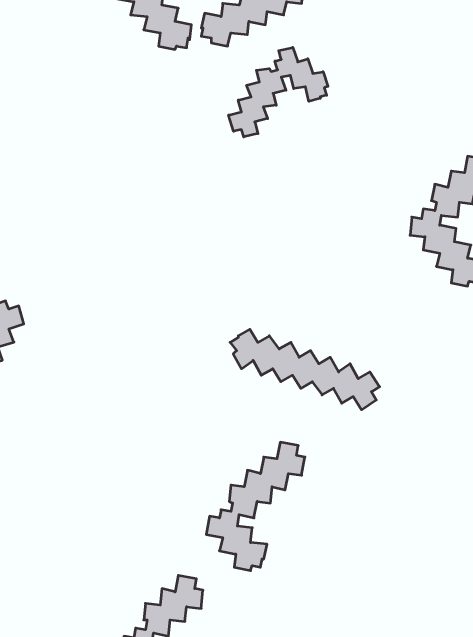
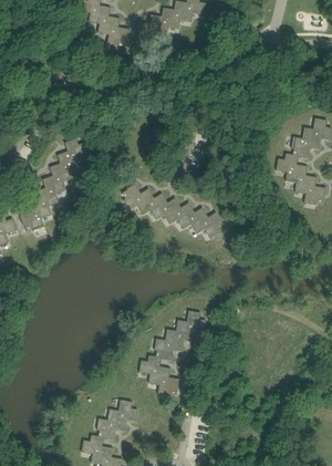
building: [229,47,328,137] -> none
building: none -> [21,138,91,230]
building: [230,329,380,410] -> [123,184,224,238]

